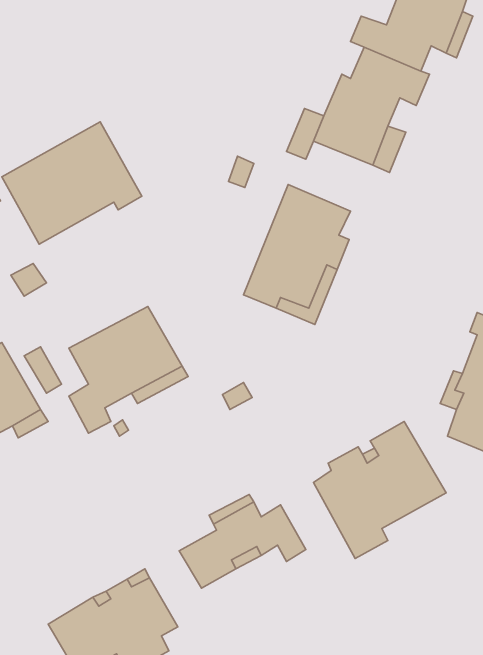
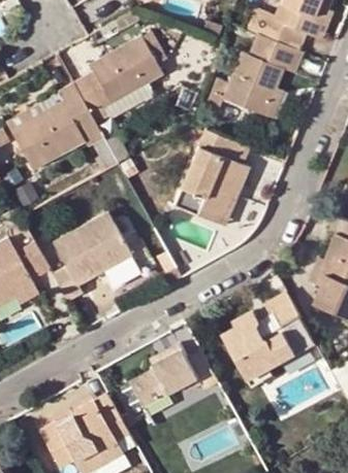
building: none -> [74,36,163,123]

